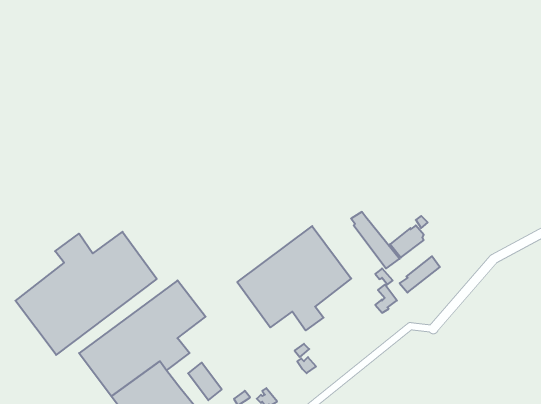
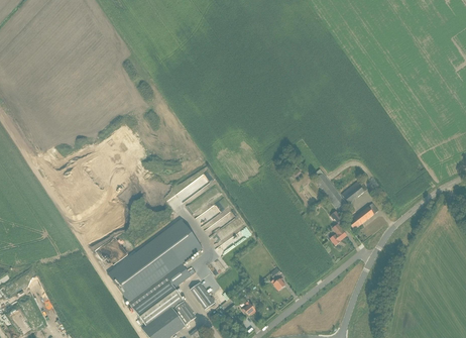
building: [237,226,351,330] -> none
building: [15,232,157,355] -> none

